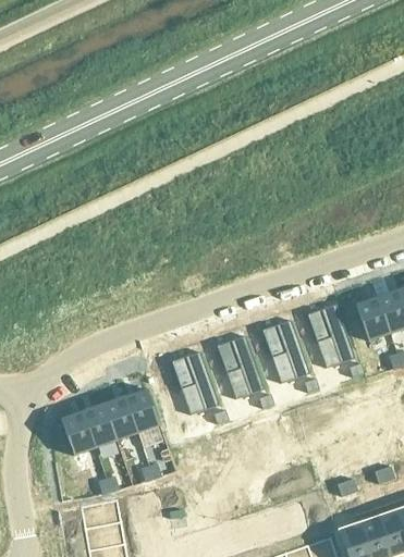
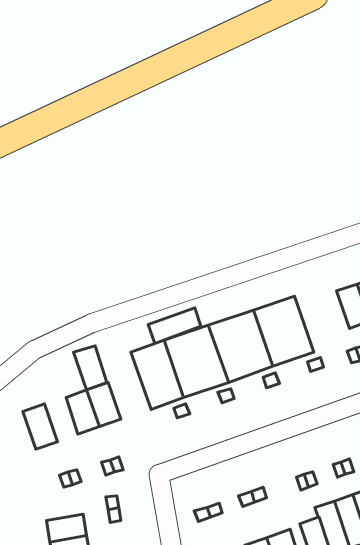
building: [355,296,390,342] -> none
building: none -> [148,308,201,344]
building: [82,404,115,448] -> [74,346,107,390]
building: [79,498,121,528] -> none

